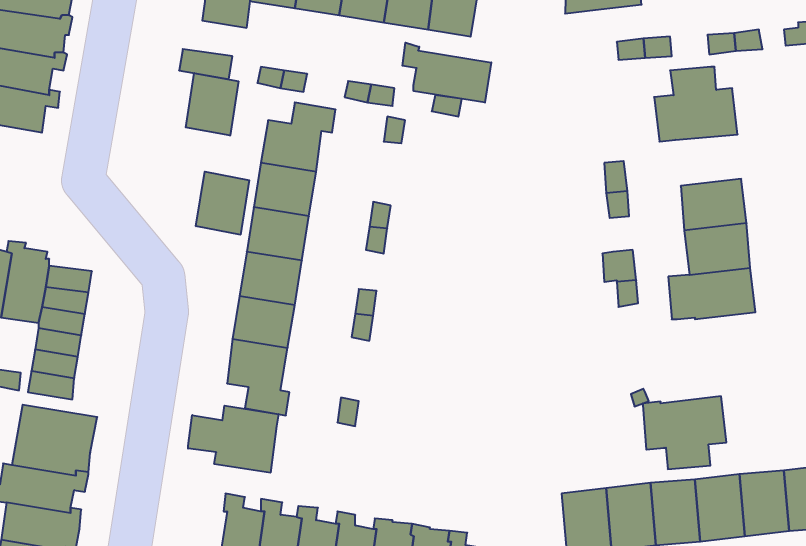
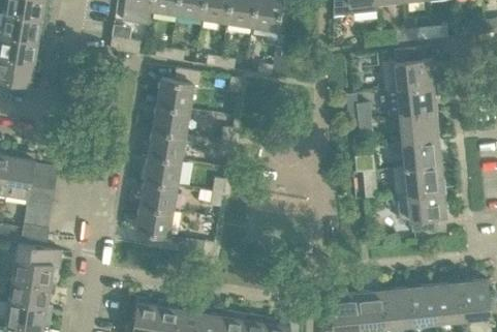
building: [402,43,491,103] -> none
building: [186,73,238,136] -> none
building: none -> [386,87,435,117]
building: [196,172,249,235] -> none
building: [643,396,726,469] -> [398,190,446,233]
building: [188,406,279,473] -> none

